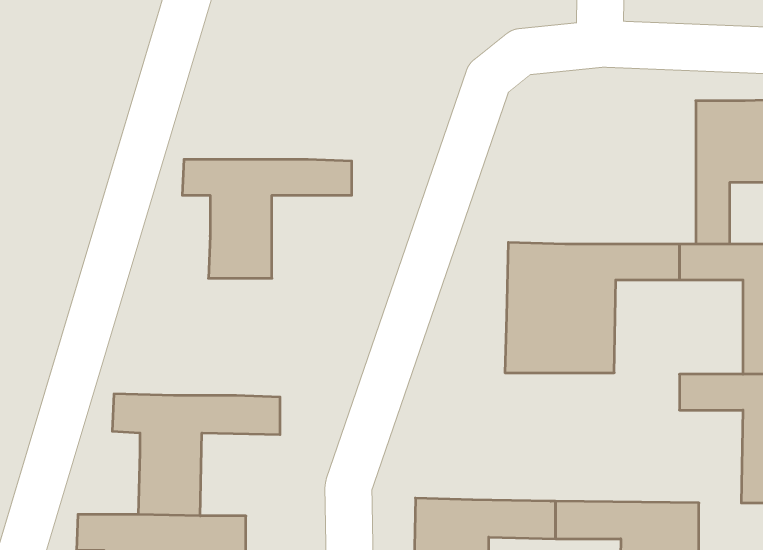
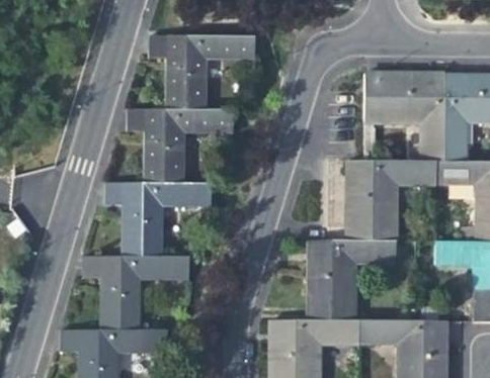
building: none -> [151,34,255,109]
building: none -> [366,73,446,162]
building: none -> [106,182,212,256]
building: none -> [308,241,396,321]

